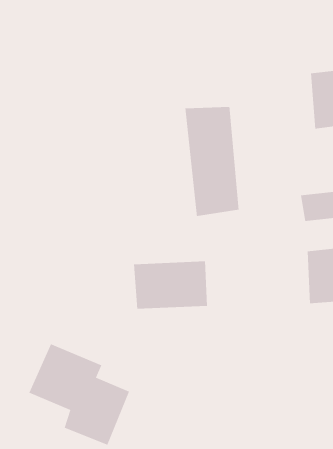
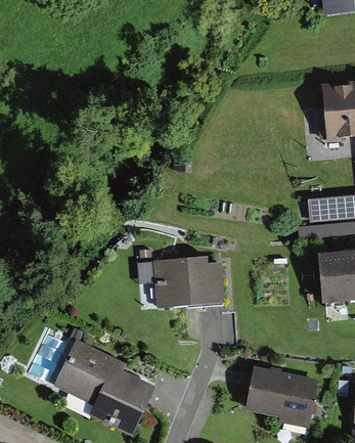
building: [185,106,239,217] -> none
building: none -> [249,366,321,424]

